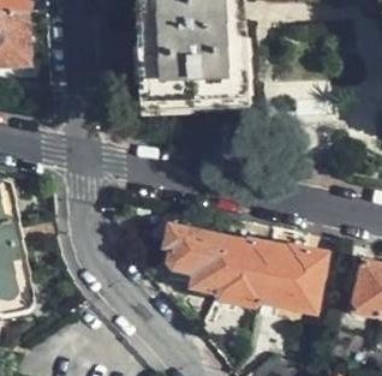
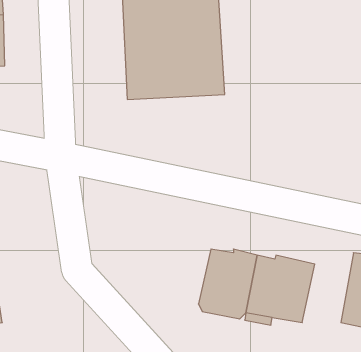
building: [165,228,226,293] -> none

